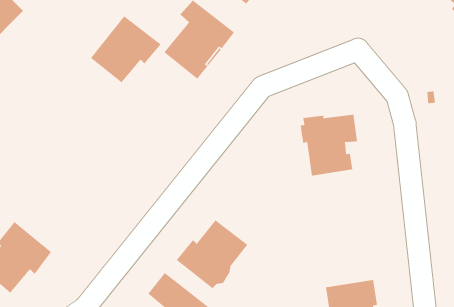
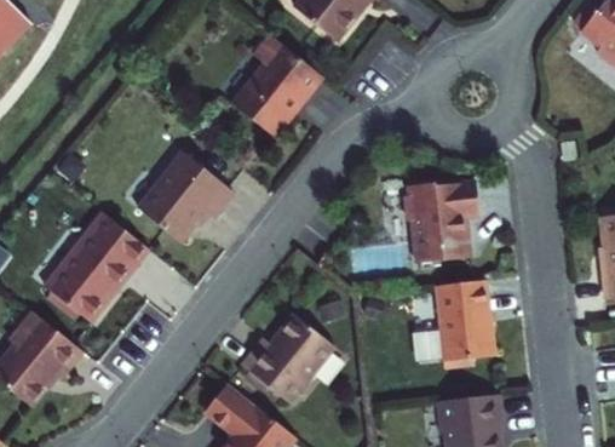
building: [90,16,161,83] -> [137,153,229,240]
building: none -> [42,212,146,323]
building: none -> [436,280,495,360]

